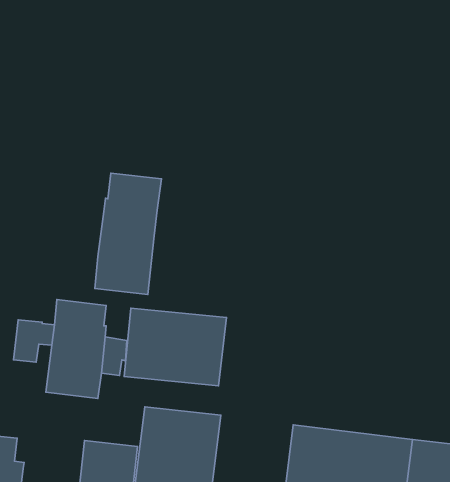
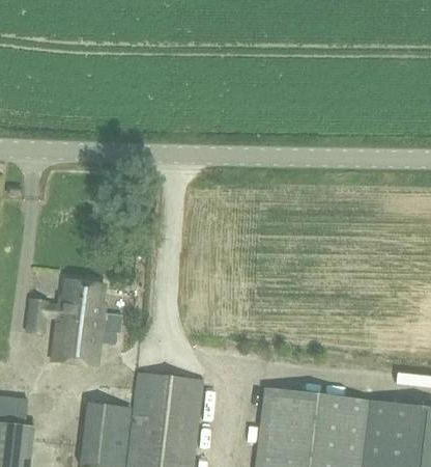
building: [95,173,161,295] -> none
building: [124,308,227,386] -> none

